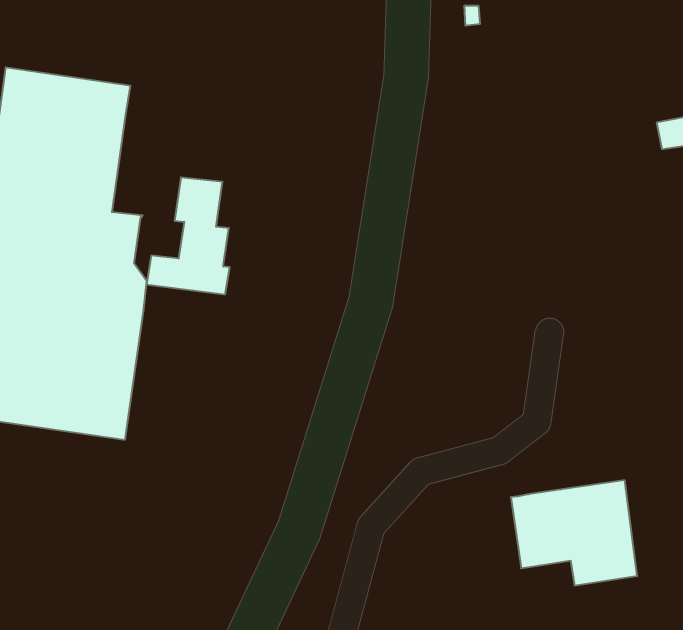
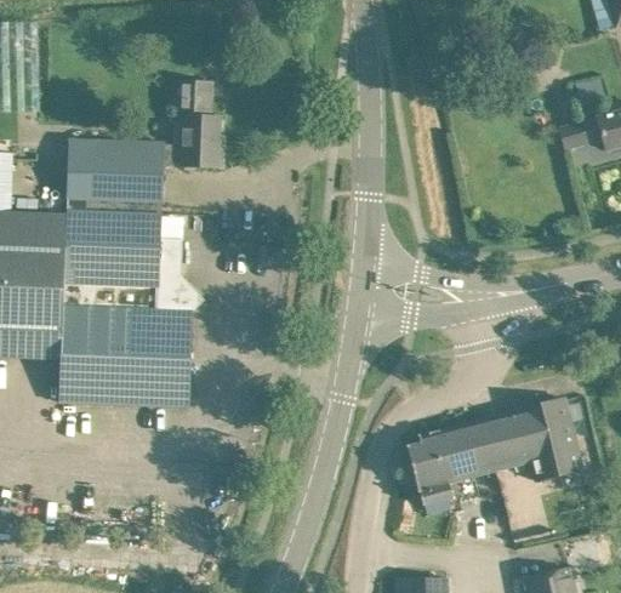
building: [147,177,230,294] -> [163,82,223,166]
building: none -> [406,420,494,504]

